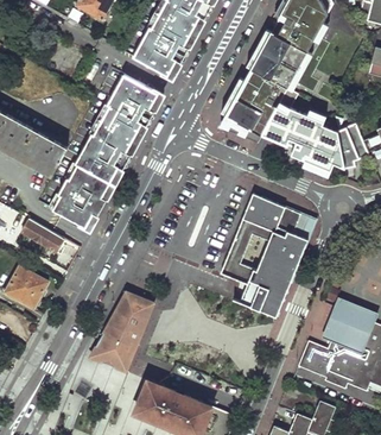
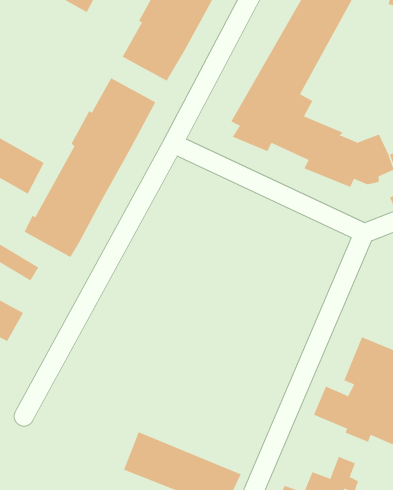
building: [220,194,315,317] -> none
building: [89,292,153,372] -> none

